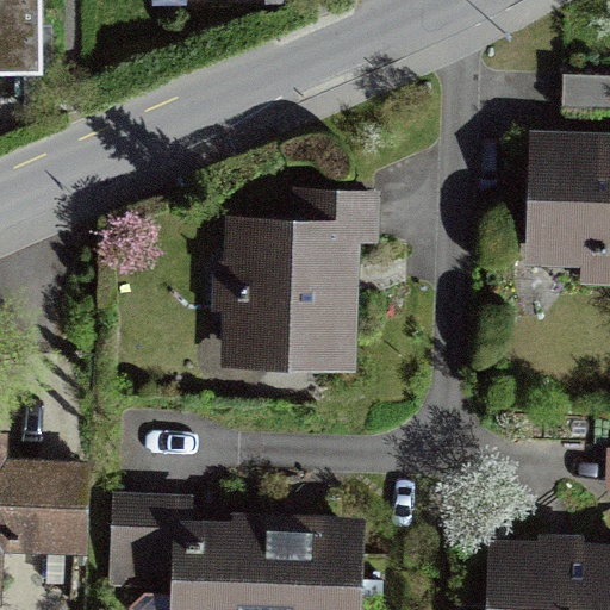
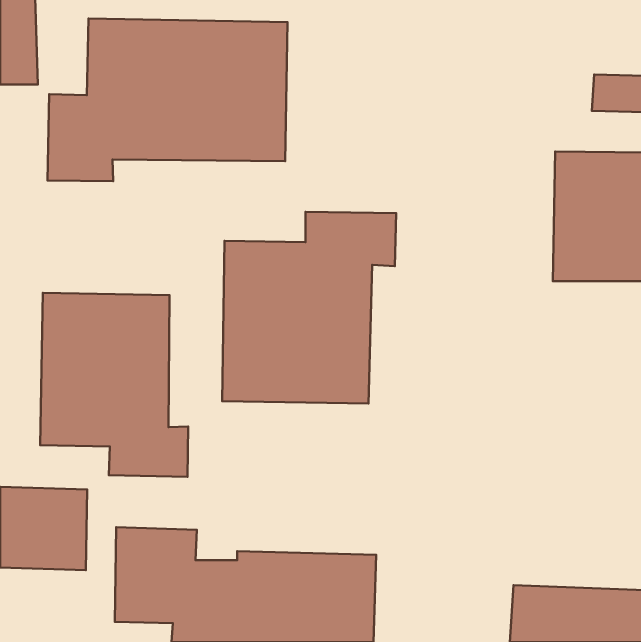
building: none -> [47,18,288,181]
building: none -> [40,293,188,477]

